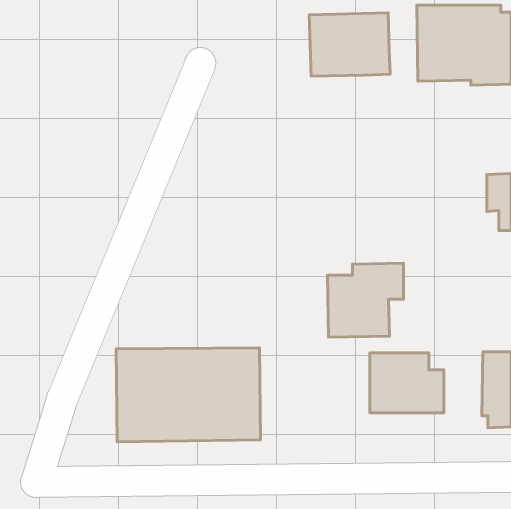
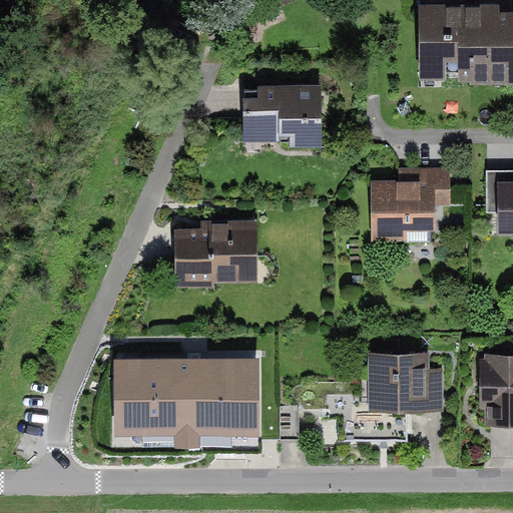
building: [309,13,390,76] -> [241,84,323,147]
building: none -> [173,224,258,284]
building: [327,263,404,337] -> [374,167,450,241]

